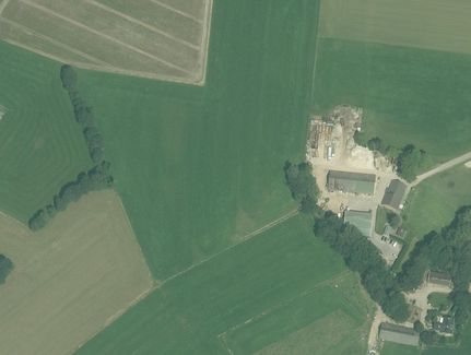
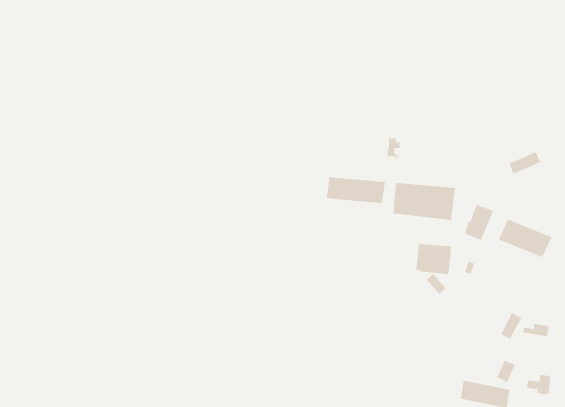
building: none -> [326,177,385,204]
building: none -> [498,219,552,258]

